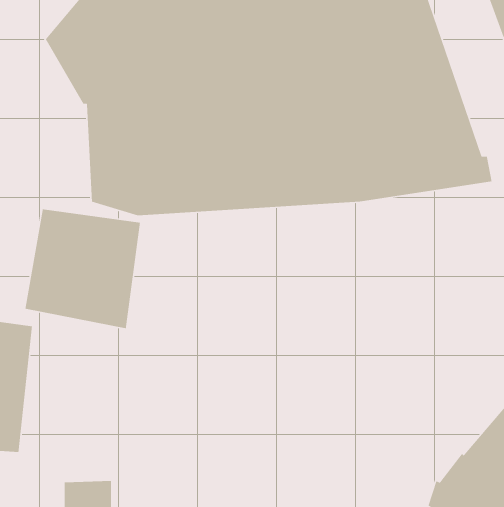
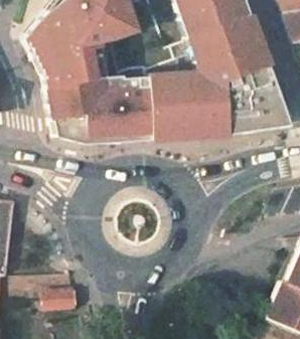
building: [25,209,141,329] -> none

